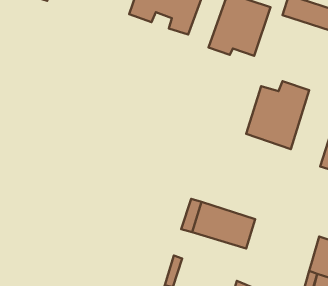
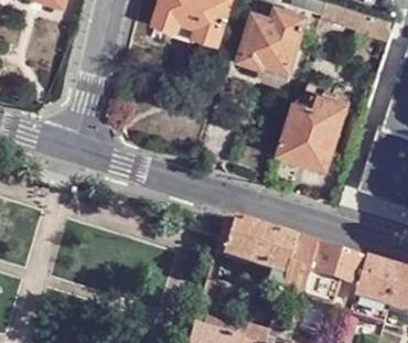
building: none -> [275,246,359,304]

